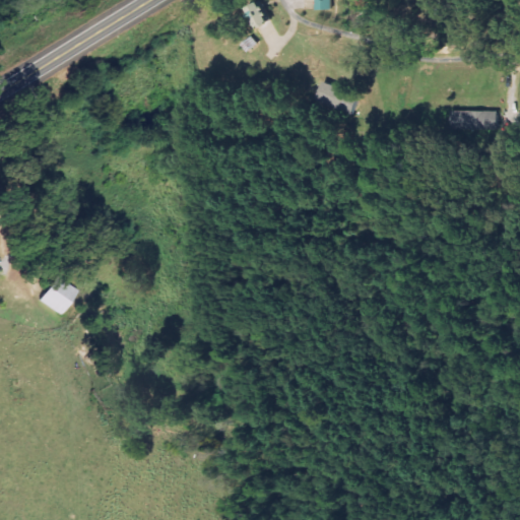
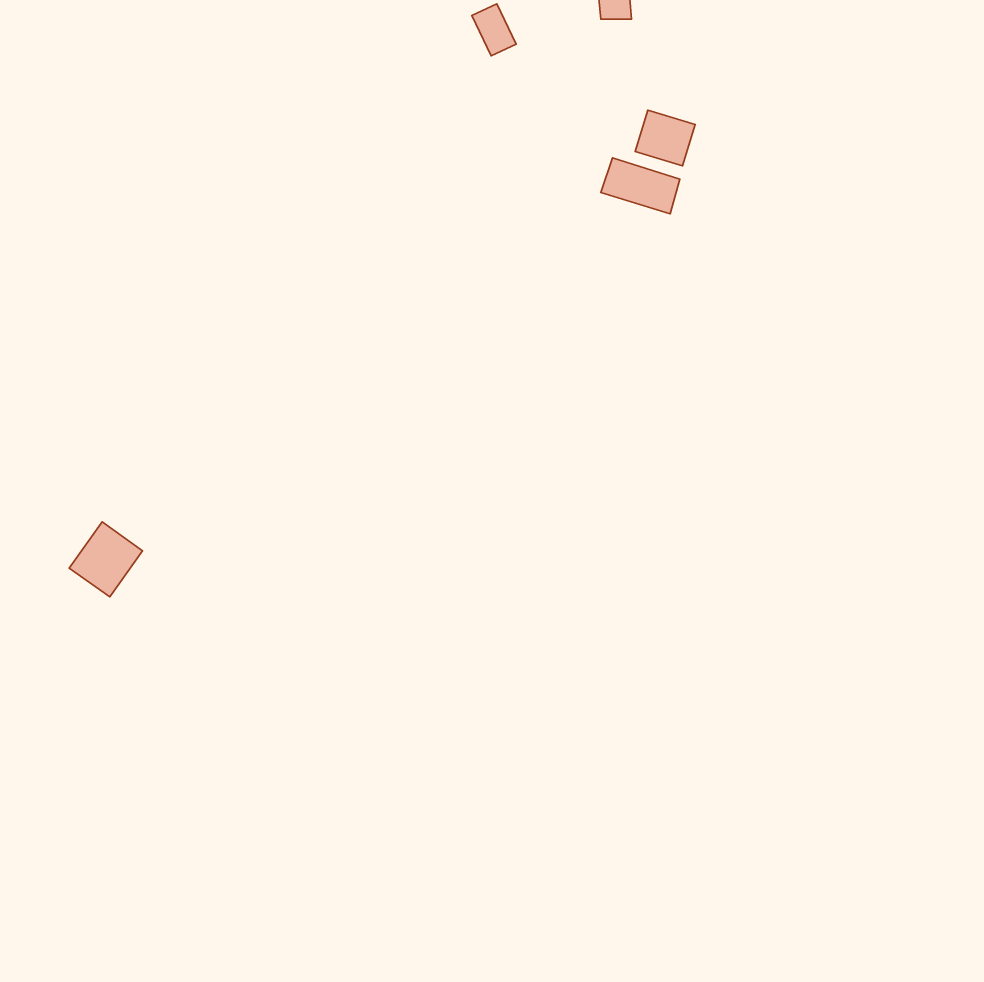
building: none -> [635,110,695,166]
building: [452,111,499,130] -> none

